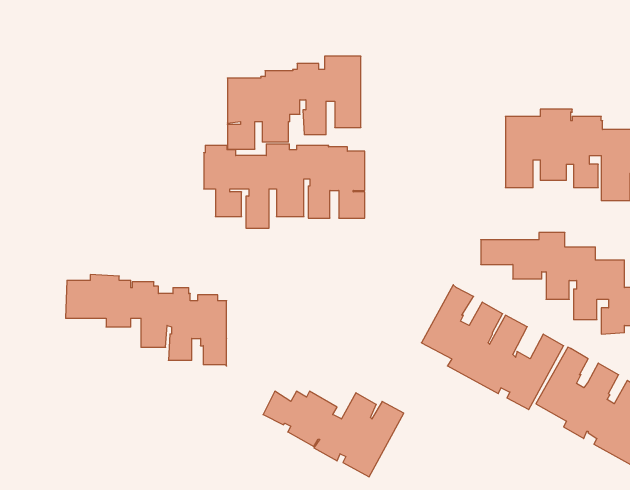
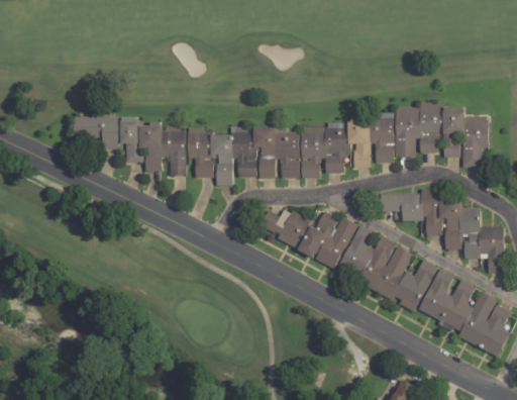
building: [227,56,361,149] -> [301,112,394,177]
building: [66,275,227,366] -> [74,112,186,176]
building: [263,391,404,477] -> [260,209,357,269]

